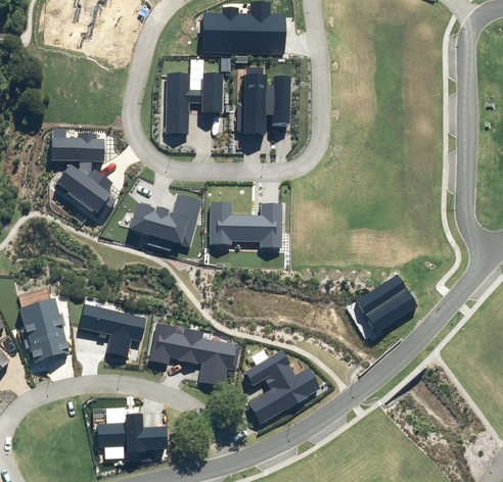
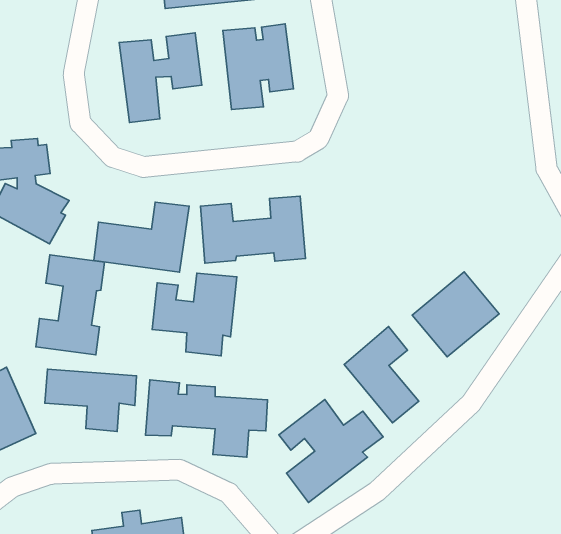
building: none -> [36,255,105,355]
building: none -> [152,273,237,356]
building: none -> [344,327,419,423]

